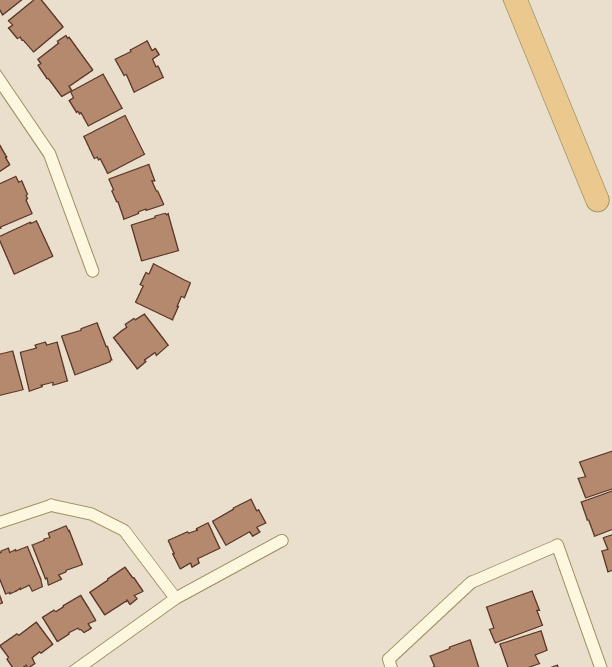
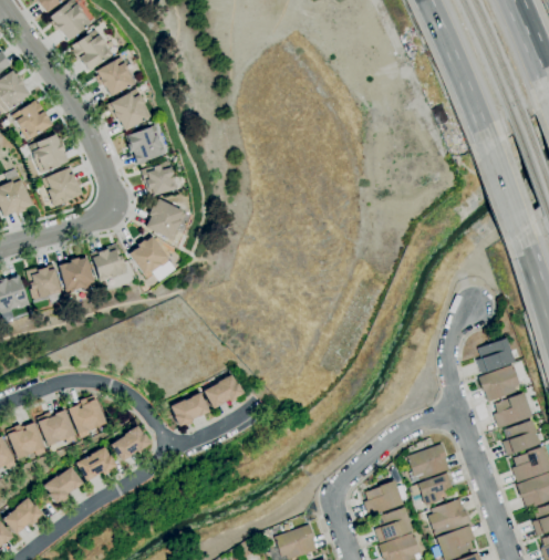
building: [115,41,163,92] -> none

